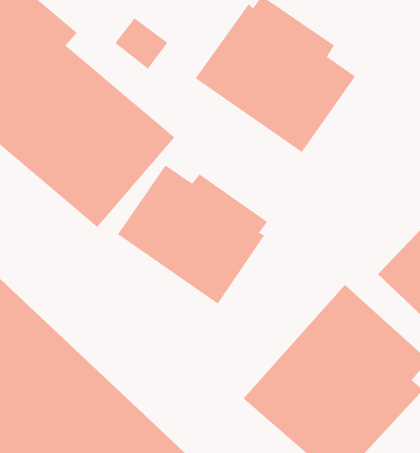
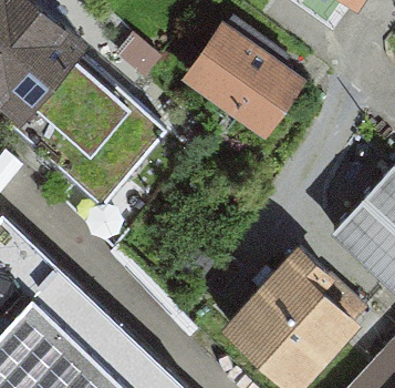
building: [117,165,268,304] -> none

